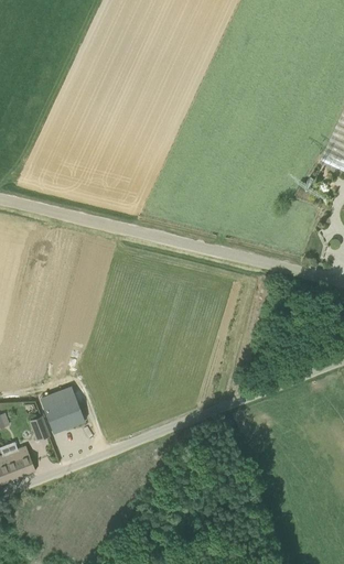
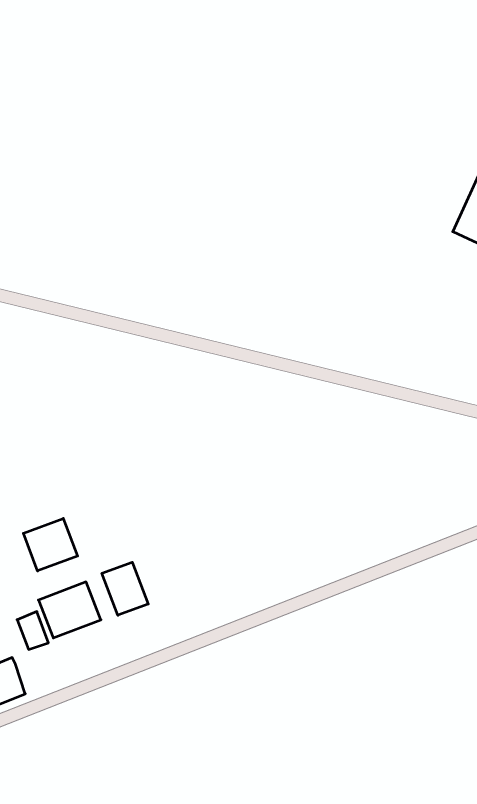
building: none -> [23,518,78,571]
building: none -> [102,562,148,615]

